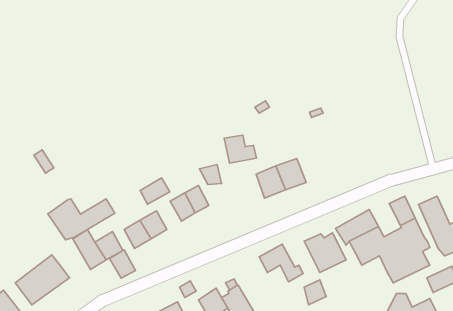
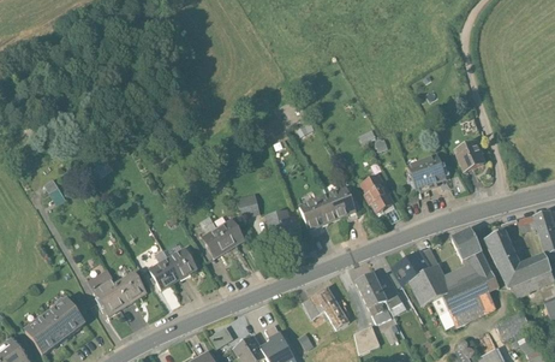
building: none -> [453,137,489,172]
building: none -> [406,150,448,190]
building: [224,135,257,163] -> [265,210,303,243]
building: none -> [359,173,395,214]
building: [140,178,170,204] -> none
building: [48,199,115,240] -> none
building: [109,250,136,278] -> none

